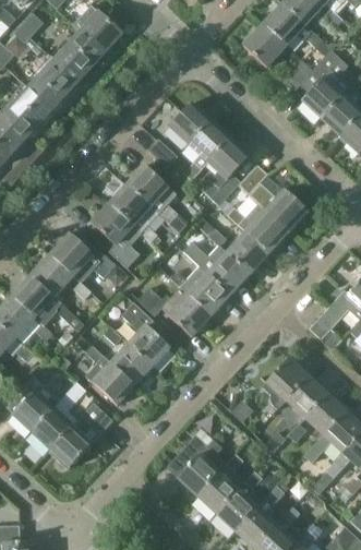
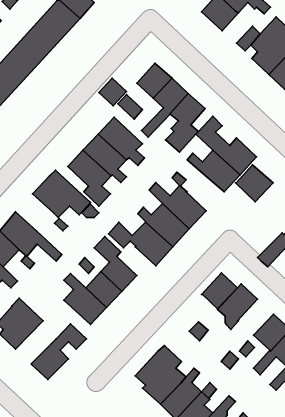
building: [227,230,270,273] -> [235,165,273,202]
building: [31,253,74,296] -> none
building: [286,374,327,416] -> [201,273,237,309]
building: [31,383,85,449] -> none

